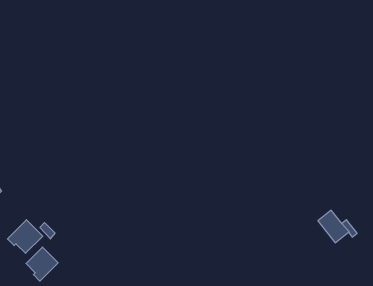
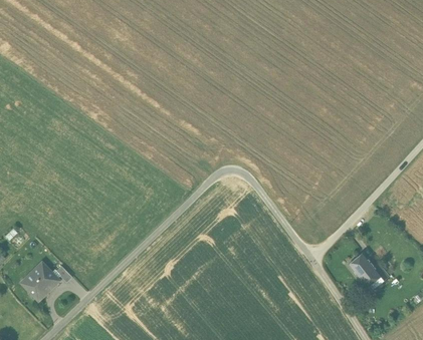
building: [26,247,58,281] -> none

